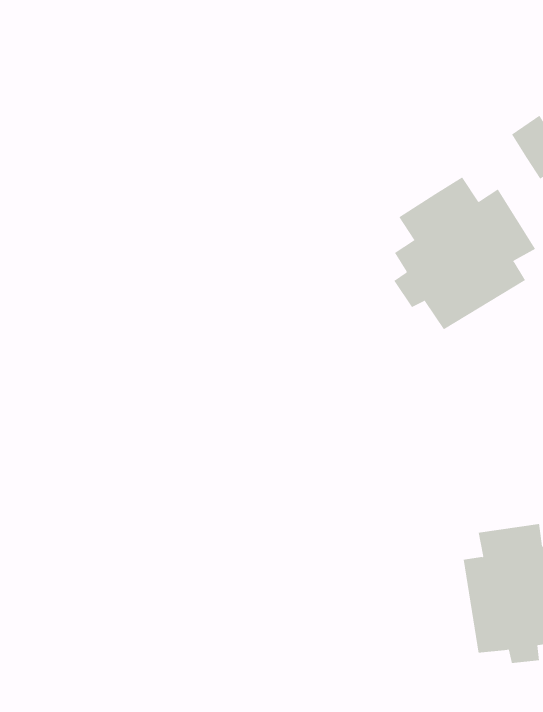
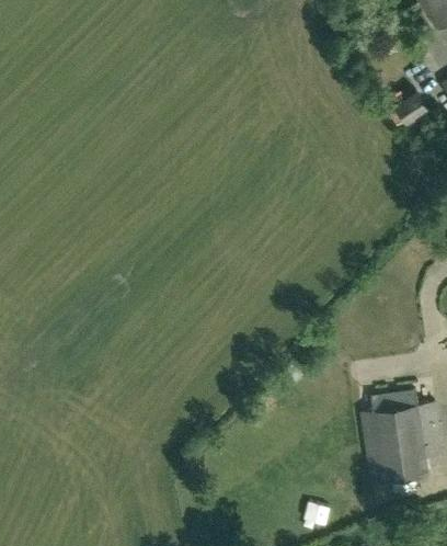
building: [393,176,536,330] -> none

